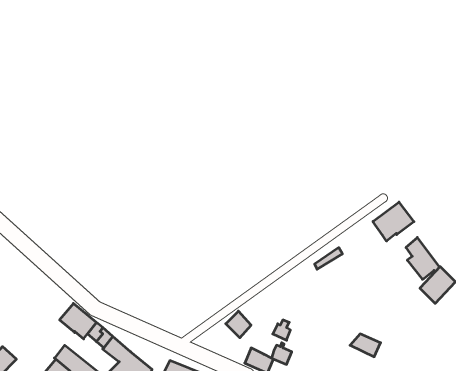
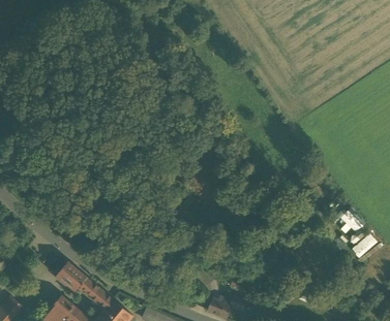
building: [373,202,414,241] -> none

